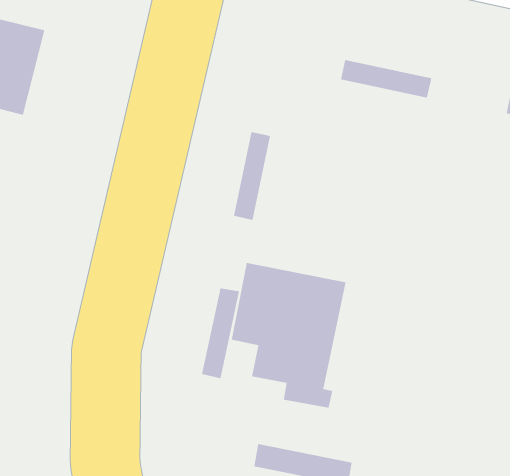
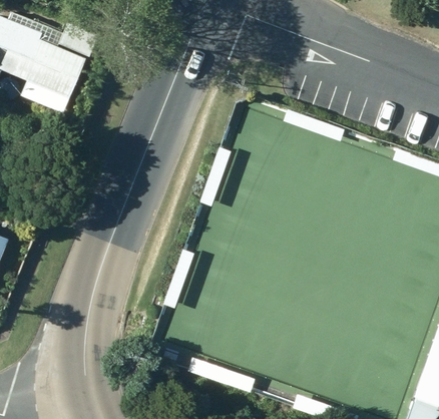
building: [231,262,346,408] -> none

